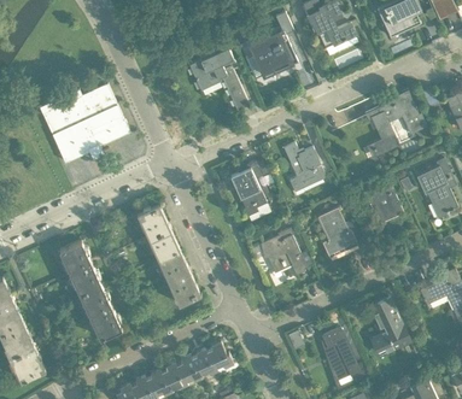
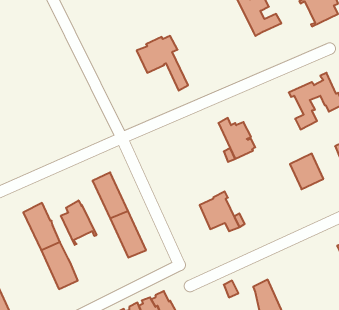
building: [248,12,297,77] -> none
building: [39,84,129,163] -> none
building: [229,160,268,216] -> none
building: [317,207,355,256] -> none
building: none -> [61,200,96,245]
building: [369,298,407,352] -> none

